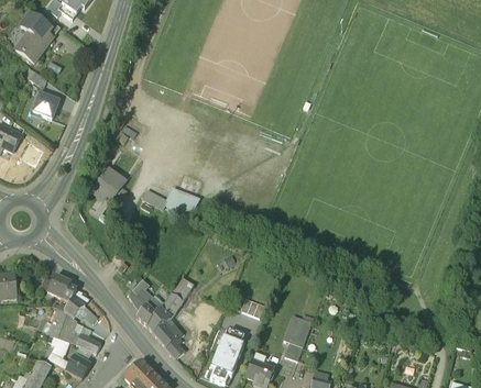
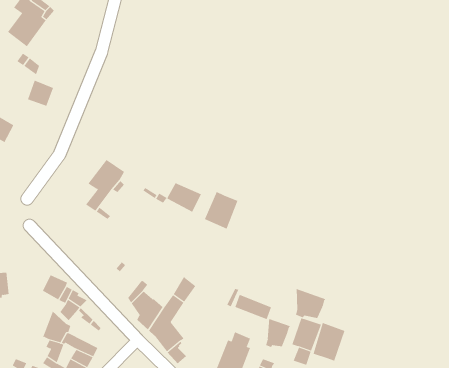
building: none -> [204,191,238,230]
building: none -> [295,288,326,319]
building: none -> [266,318,291,348]
building: none -> [313,322,345,361]

